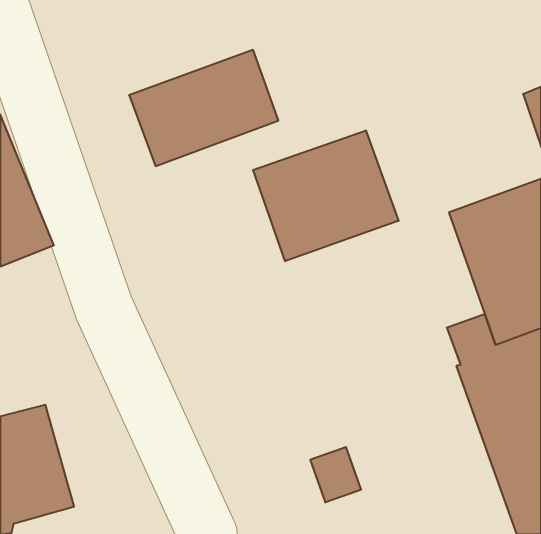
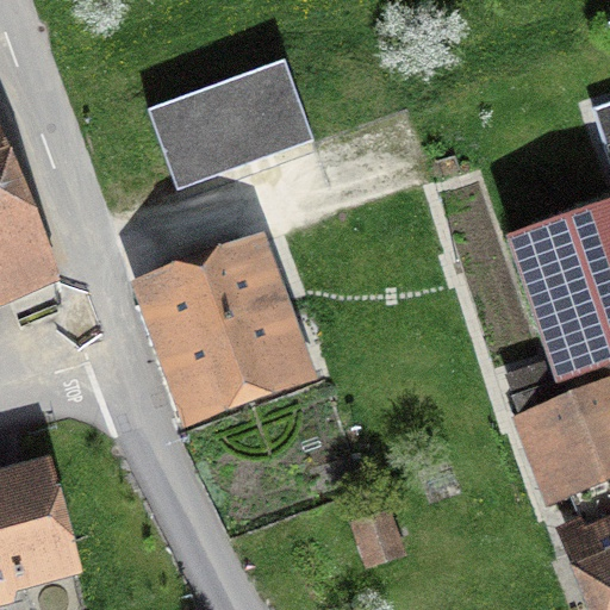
building: [253,130,399,261] -> none
building: none -> [129,234,316,429]

